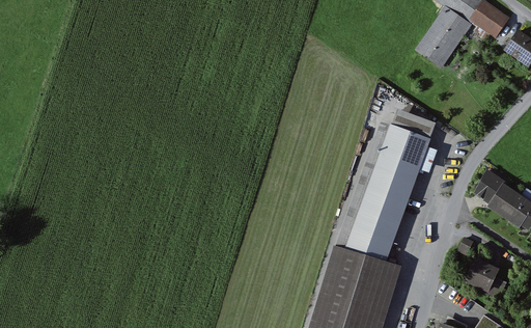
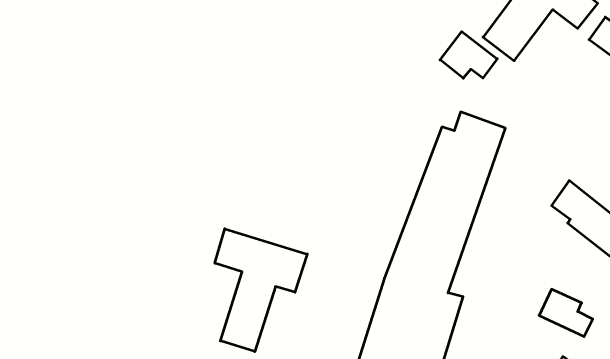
building: none -> [440,32,497,78]
building: none -> [215,229,307,352]

